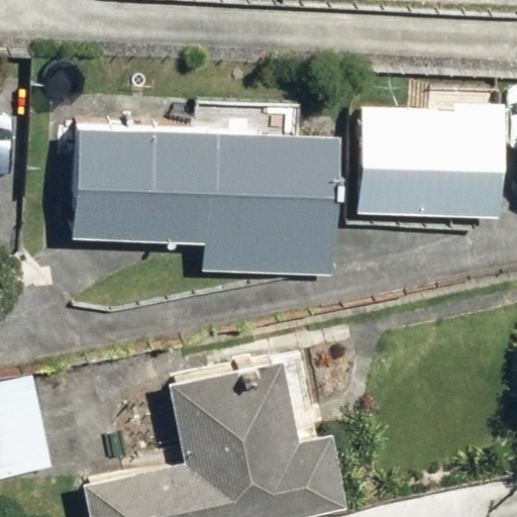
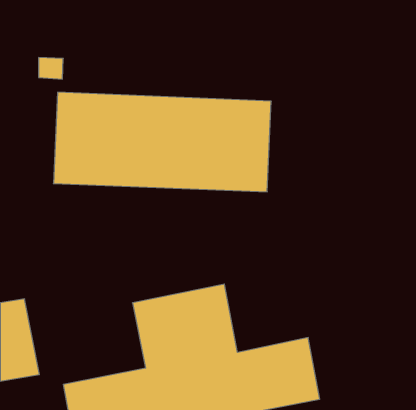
building: [356,105,503,220] -> none

